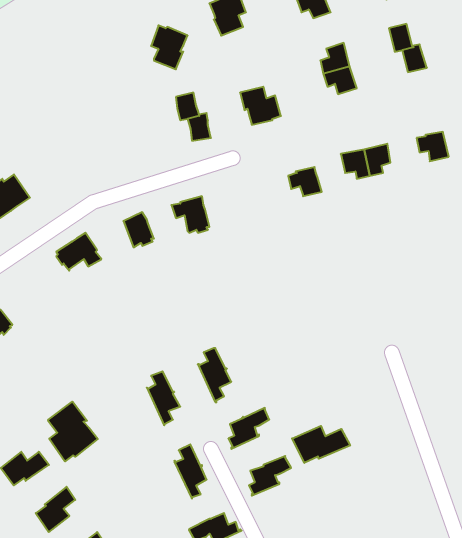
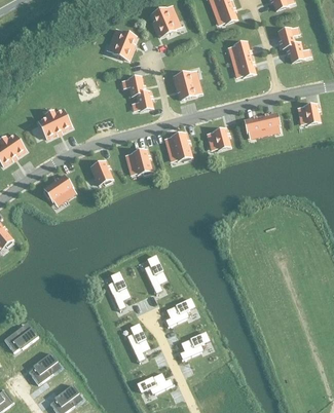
building: none -> [37,109,71,139]
building: none -> [164,133,191,160]
building: [48,402,98,461] -> none
building: [292,426,350,463] -> none

